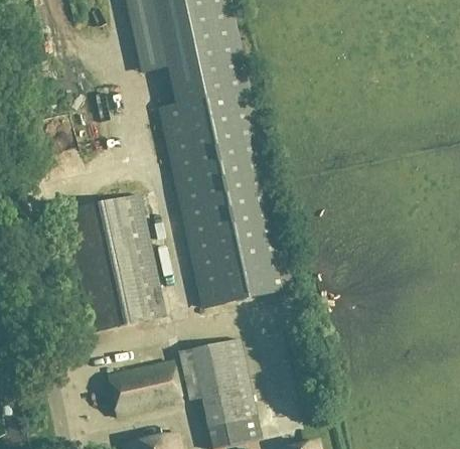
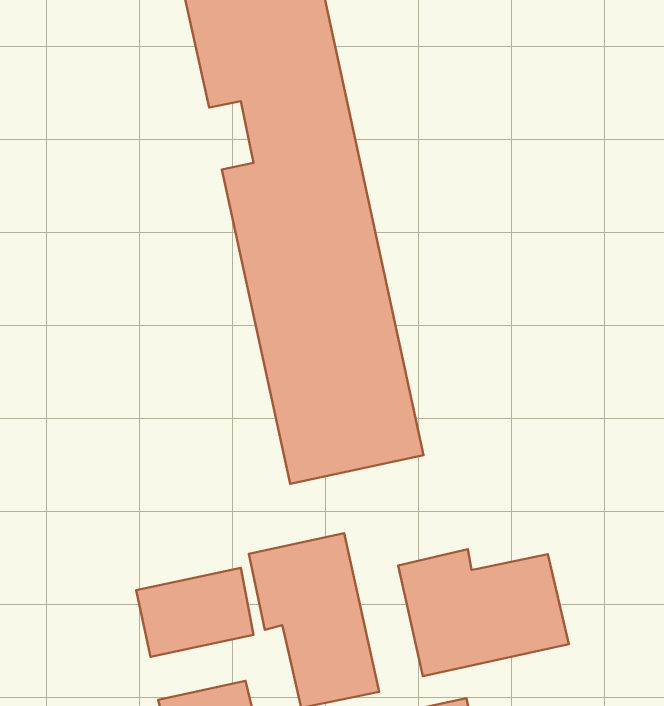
building: [63,194,164,331] -> none
building: none -> [398,549,569,676]

